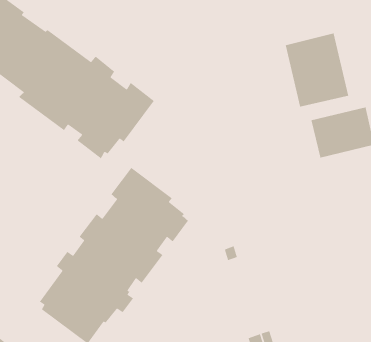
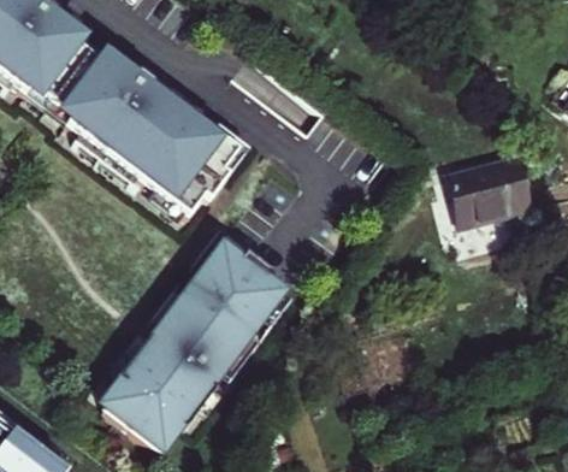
building: [285,32,349,108] -> none

